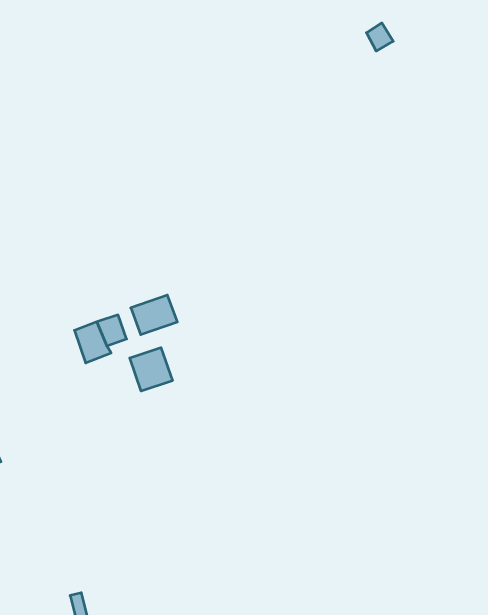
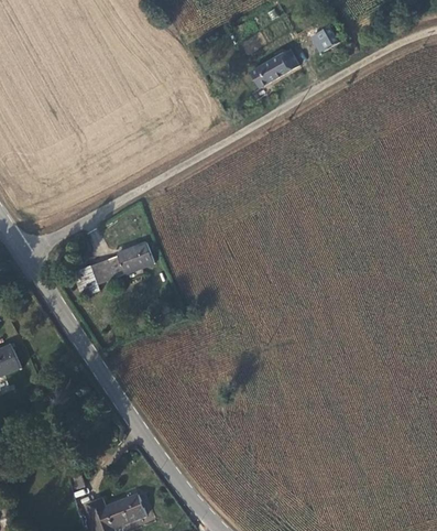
building: none -> [254,42,305,84]
building: [130,348,172,391] -> none

